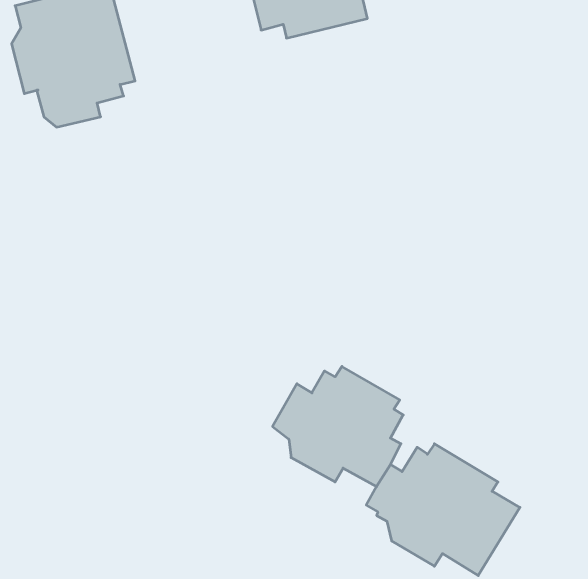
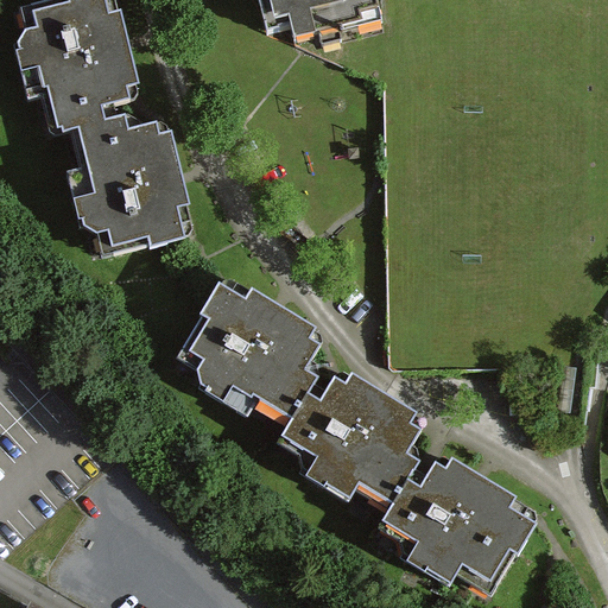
building: none -> [68,115,190,253]
building: none -> [175,284,321,419]

